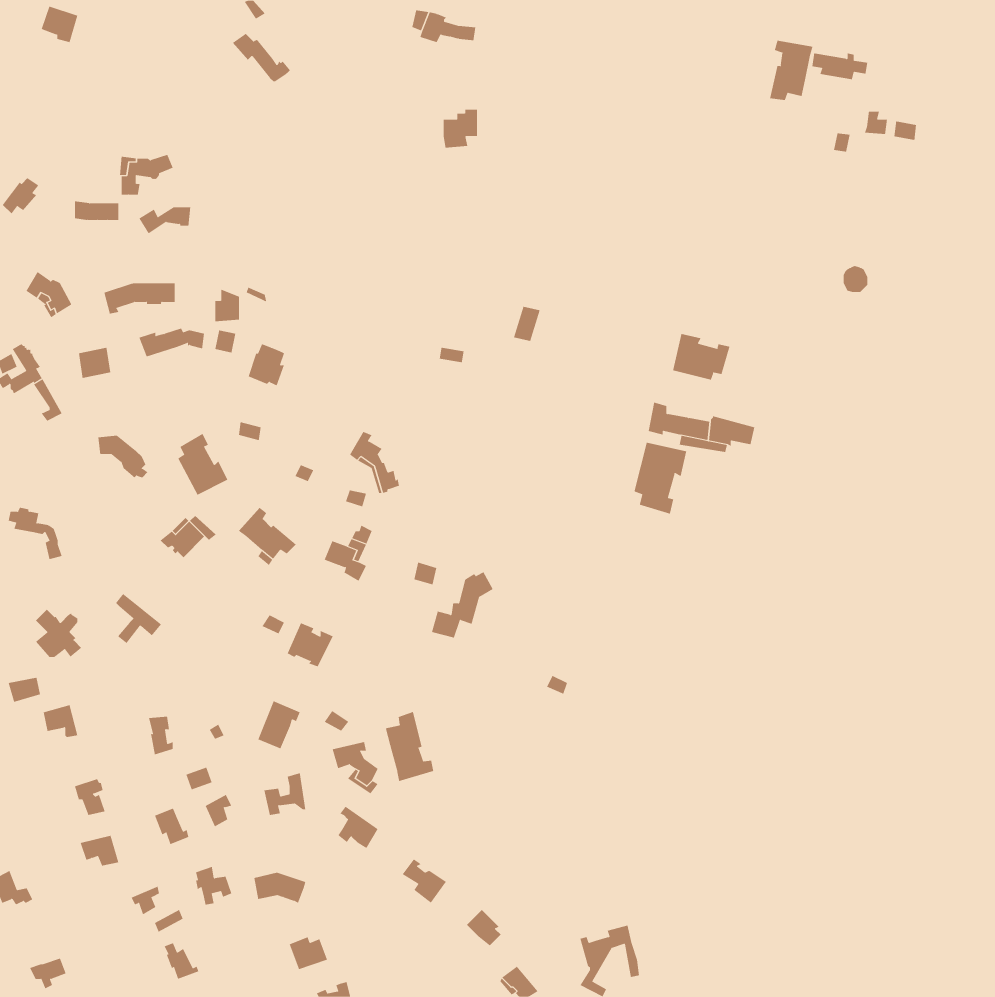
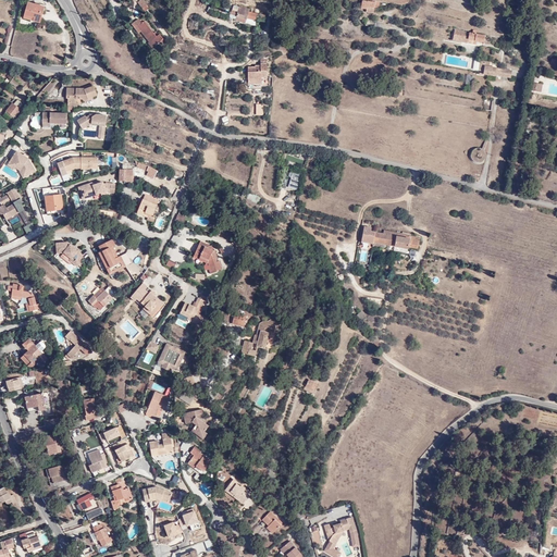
building: [770,40,813,101] -> none
building: [673,333,730,380] -> none
building: [634,442,687,515] -> none
building: [385,711,434,782] -> none

